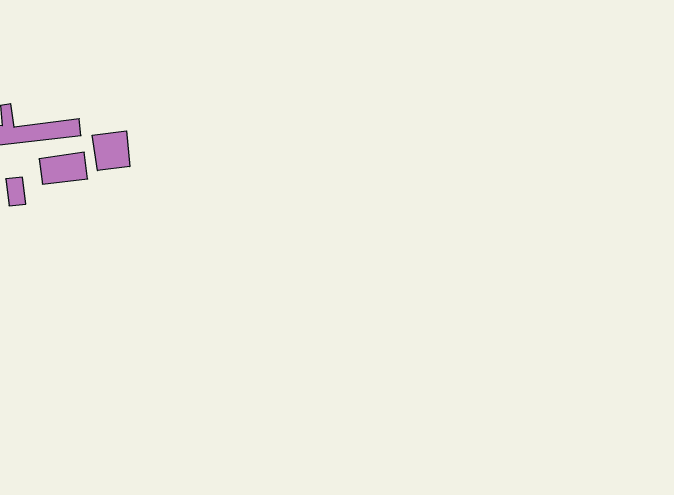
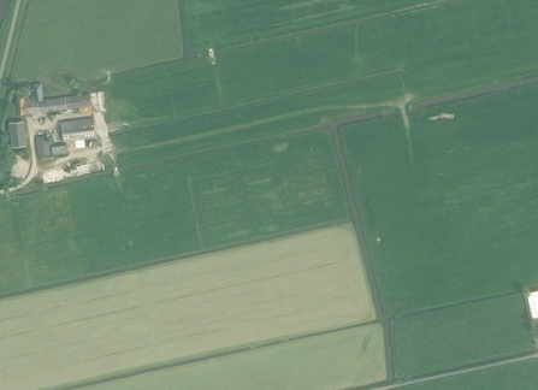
building: [92,131,130,171] -> none

